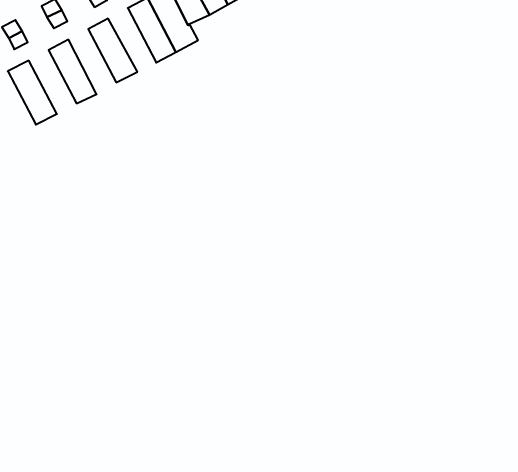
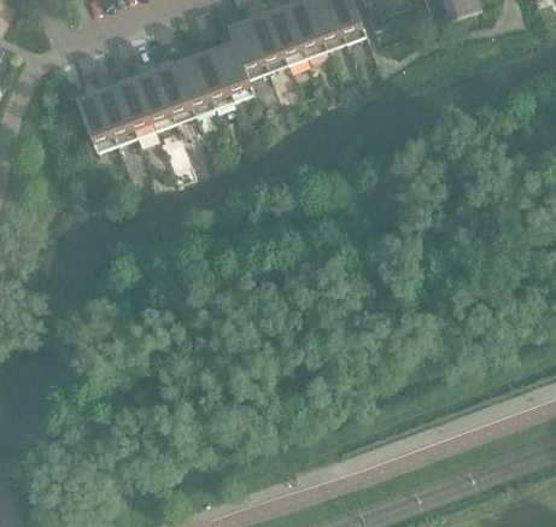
building: none -> [176,55,215,115]
building: none -> [137,70,176,130]
building: none -> [99,84,137,144]

